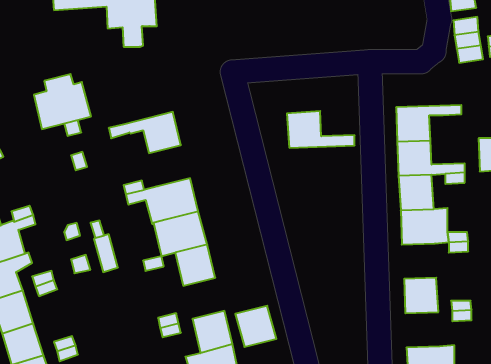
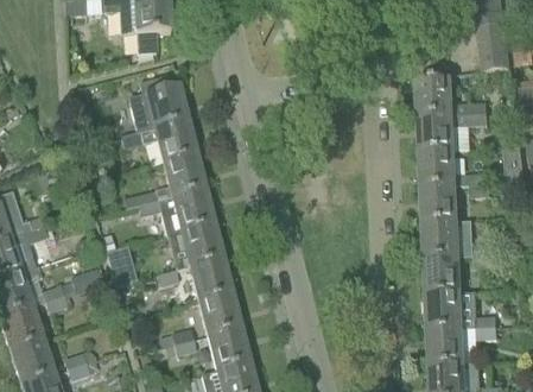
building: [34,74,91,129] -> [128,76,188,133]
building: [287,111,355,148] -> [417,77,487,115]
building: none -> [163,154,205,197]
building: none -> [425,257,461,293]
building: [235,306,276,347] -> [198,292,241,335]
building: none -> [429,328,464,365]

